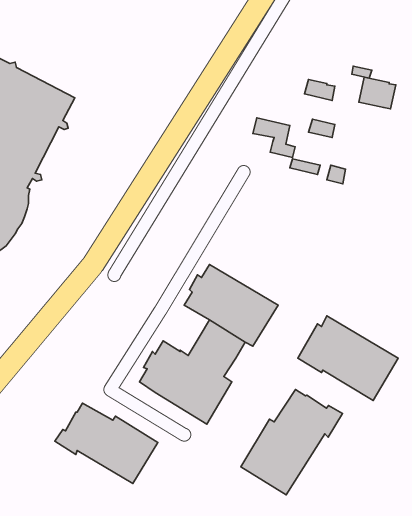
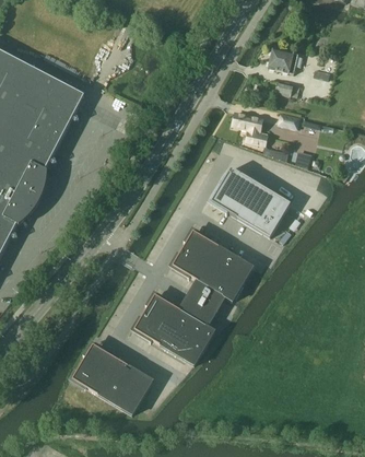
building: [359,77,396,109] -> [268,46,298,72]
building: [298,316,398,400] -> [207,166,290,236]
building: [241,389,342,495] -> none

